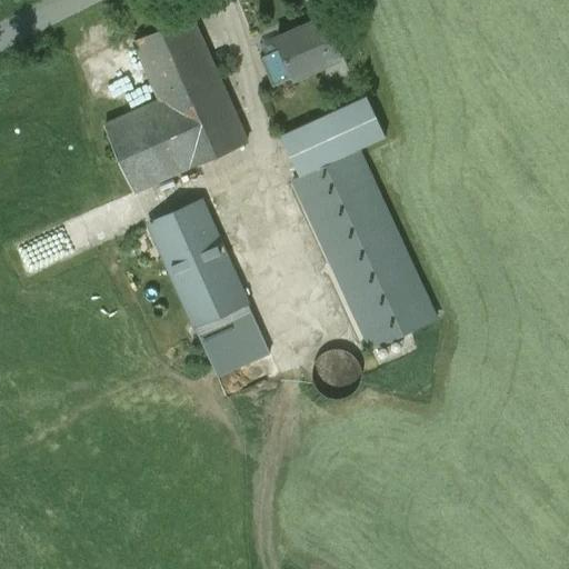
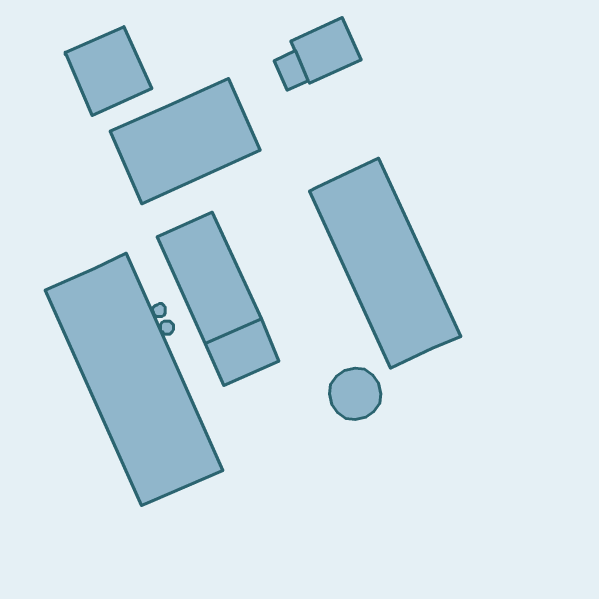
building: [134,16,217,100] -> [65,26,152,115]
building: [281,97,386,178] -> none
building: none -> [45,253,223,505]

